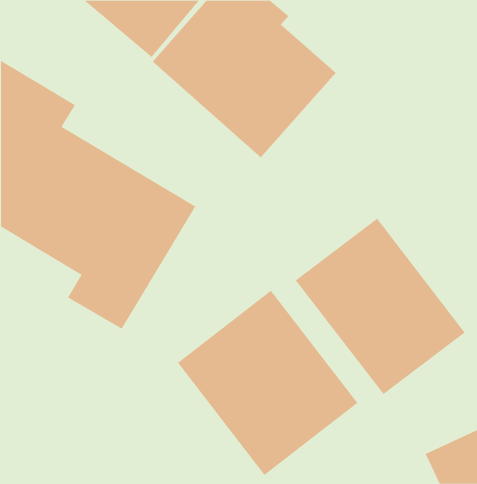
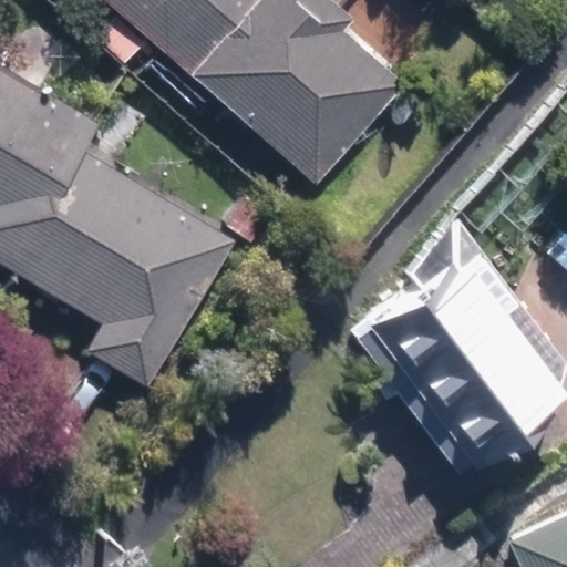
building: [177,290,358,476] -> none

